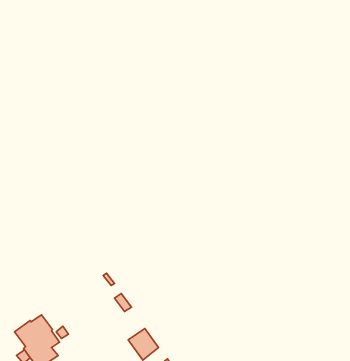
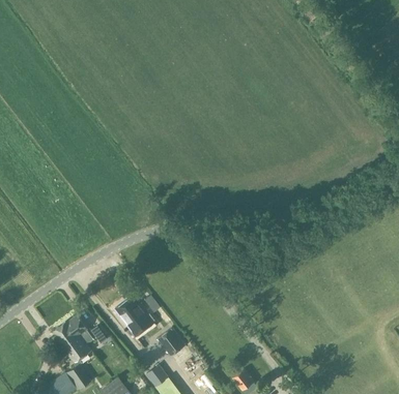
building: none -> [114,296,153,338]

